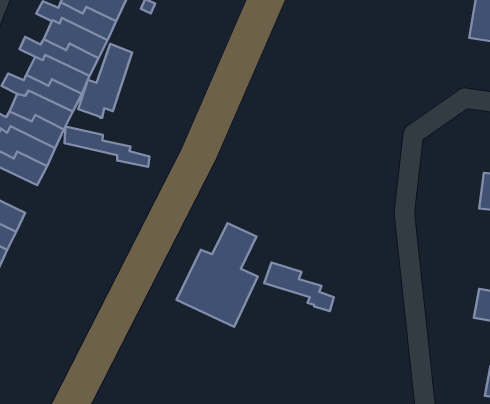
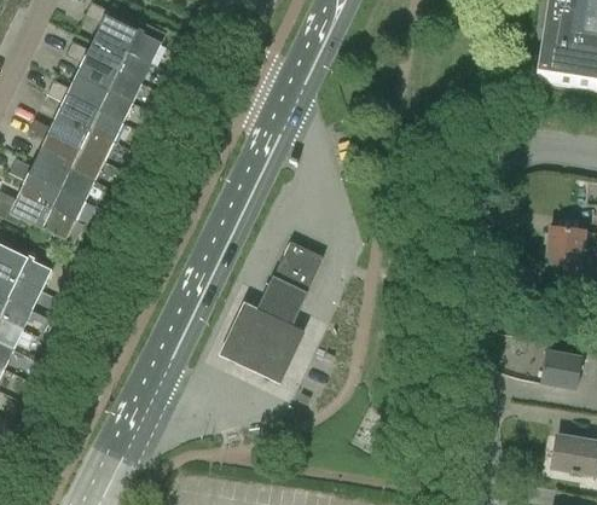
building: [78,44,132,118] -> none
building: [65,126,149,167] -> none
building: none -> [272,239,323,294]
building: [264,263,334,311] -> none

